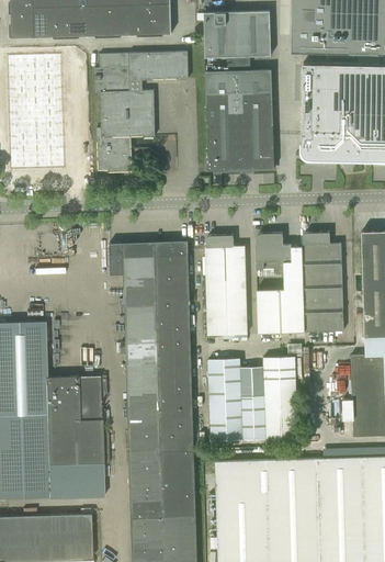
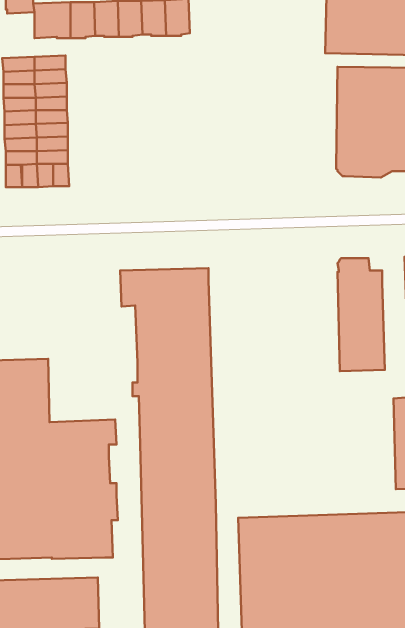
building: [204,10,271,57] -> none
building: [10,14,34,37] -> none
building: [94,50,189,170] -> none
building: [205,69,275,170] -> none
building: [256,233,304,333] -> none
building: [205,234,247,335] -> none
building: [207,356,298,441] -> none

